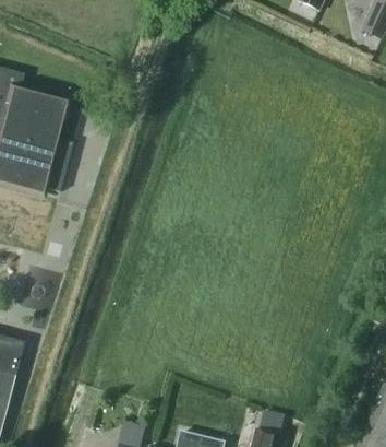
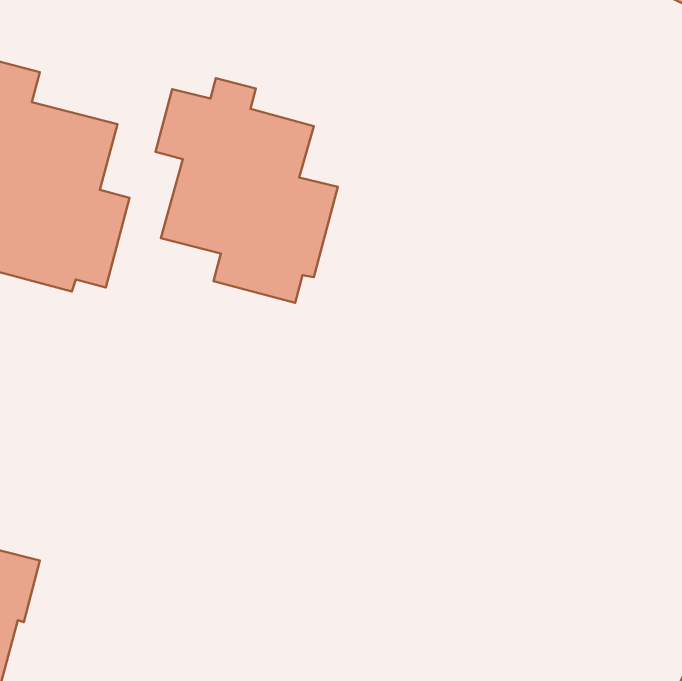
building: none -> [156,78,338,303]

